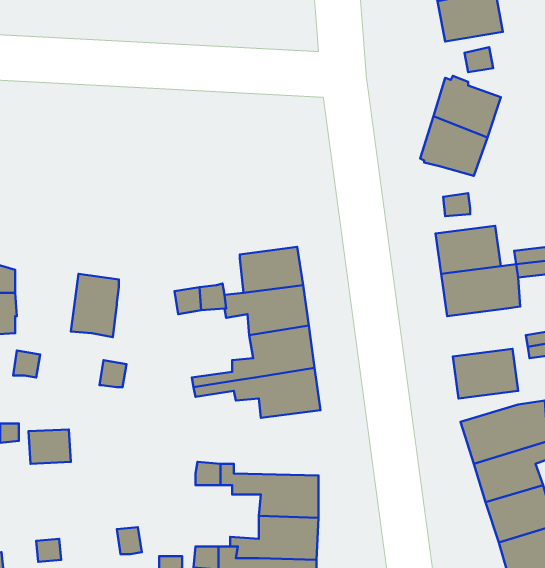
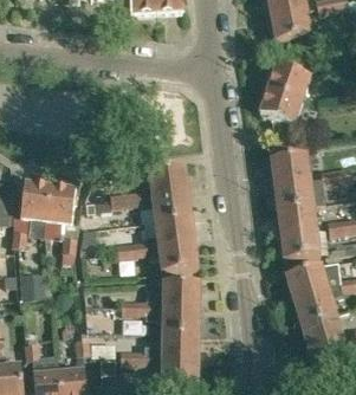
building: none -> [19,181,50,219]
building: none -> [277,205,317,234]
building: none -> [145,281,199,307]

